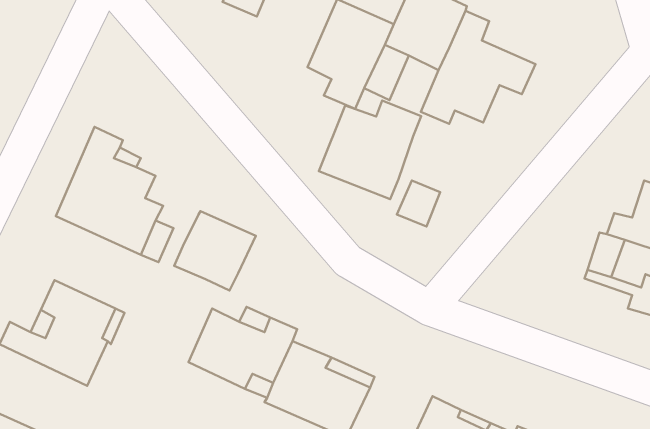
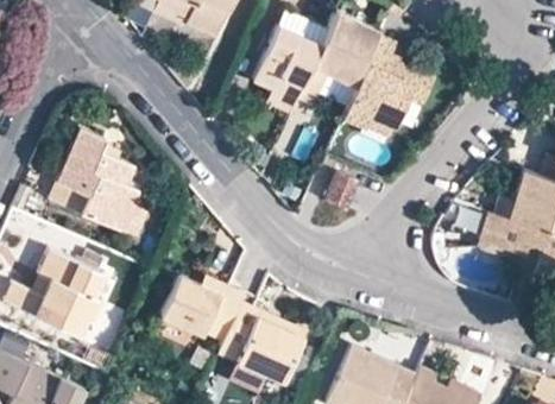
building: [319,100,421,199] -> none
building: [174,211,256,291] -> none

